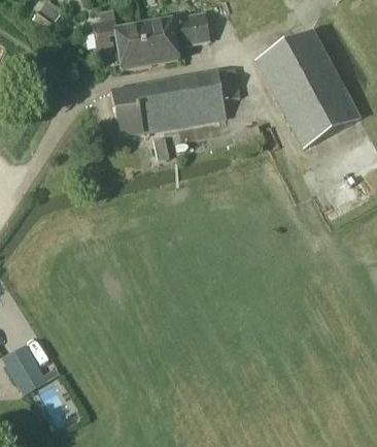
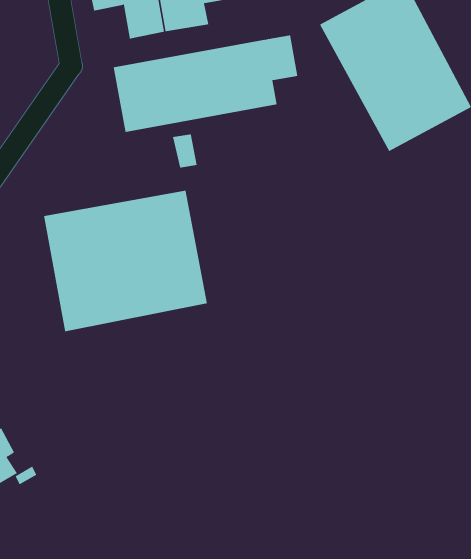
building: none -> [43,190,208,332]

